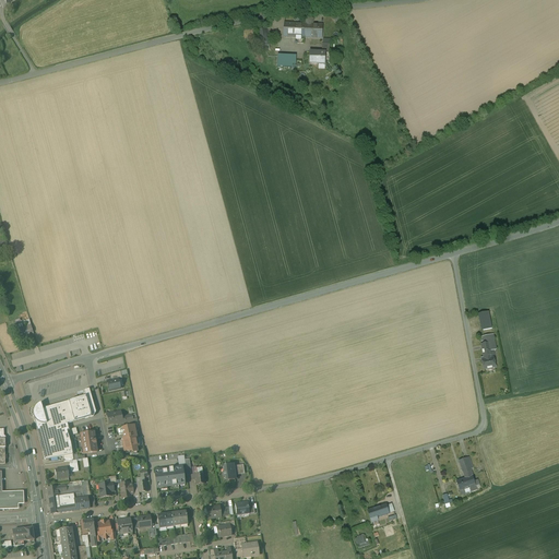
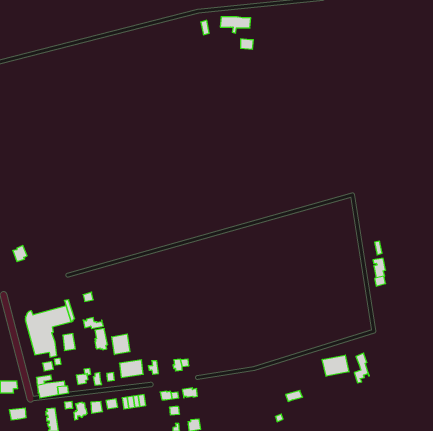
building: none -> [112,334,130,355]
building: none -> [322,355,349,376]

